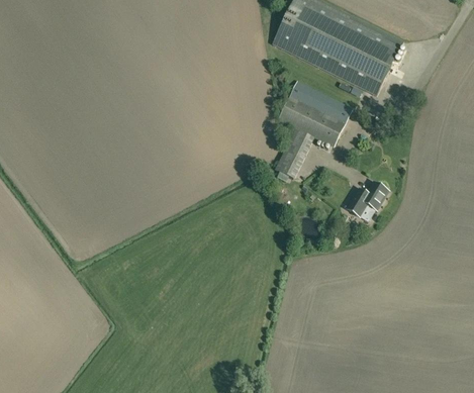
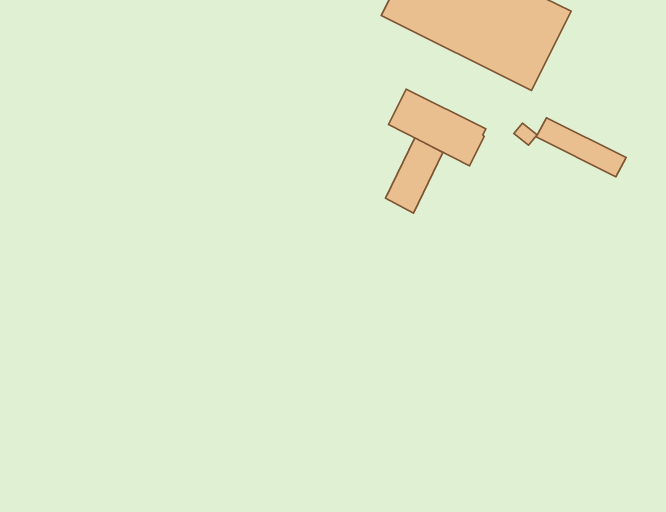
building: [289,81,351,121] -> [536,118,626,177]
building: [347,182,388,216] -> none

